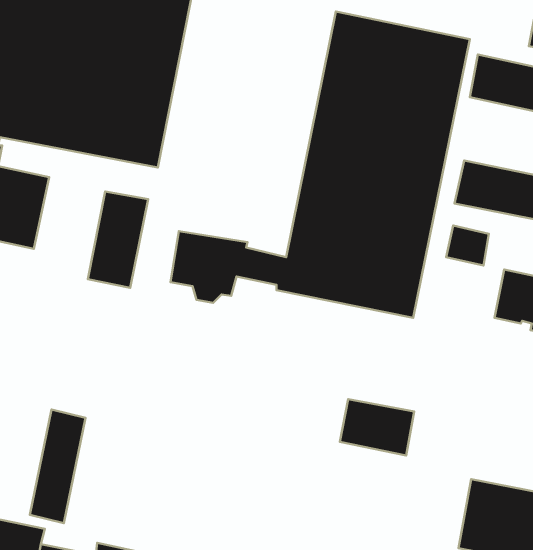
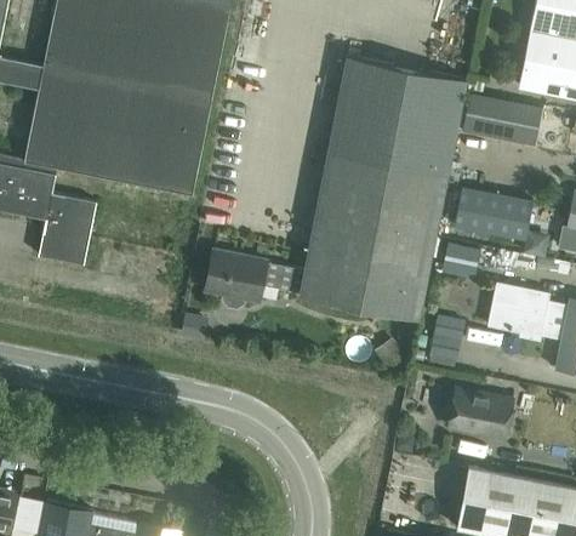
building: [88,192,148,288] -> none
building: none -> [430,317,466,370]
building: [340,399,414,456] -> [446,389,512,439]
building: [30,409,86,523] -> none

